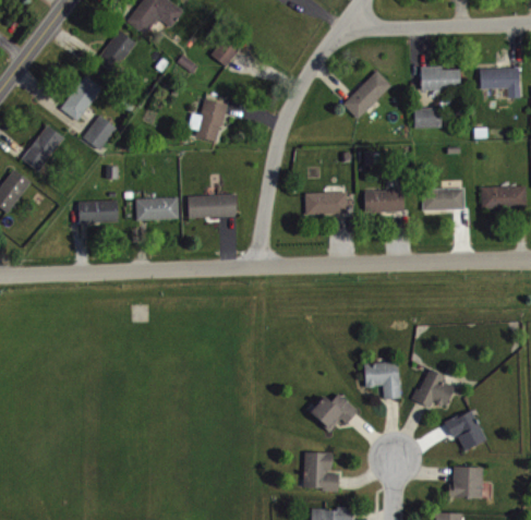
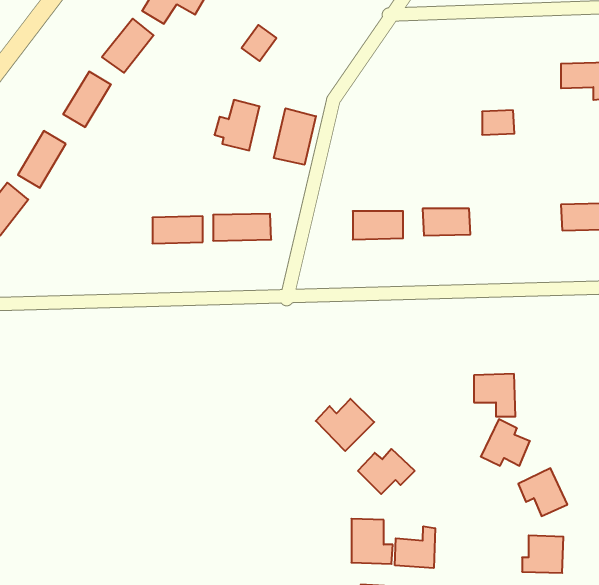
building: [421,66,460,89] -> none
building: [343,70,391,119] -> none
building: none -> [274,108,316,165]
building: [83,114,117,149] -> none
building: [422,188,464,210] -> none
building: [79,198,119,222] -> none
building: none -> [316,399,374,451]
building: [364,362,399,398] -> [474,374,515,417]
building: none -> [395,526,435,568]

